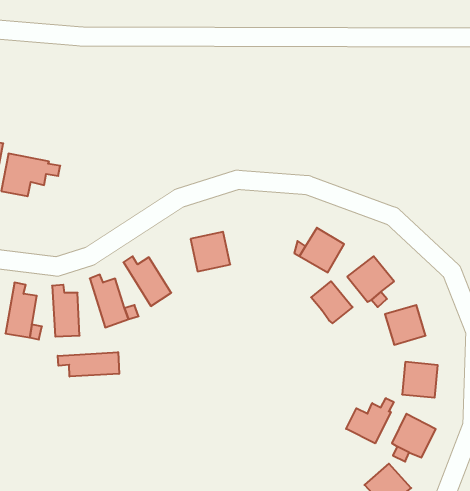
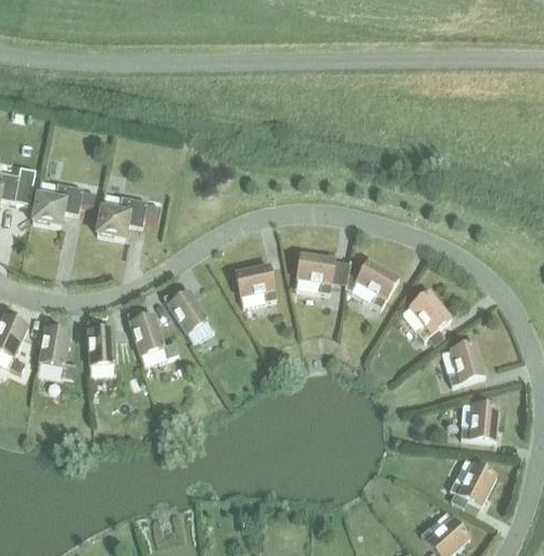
building: none -> [96,192,160,238]
building: none -> [294,252,334,292]
building: [311,281,353,323] -> none
building: [58,352,119,377] -> none
building: [346,398,394,443] -> none

